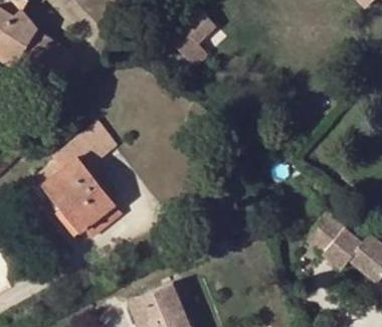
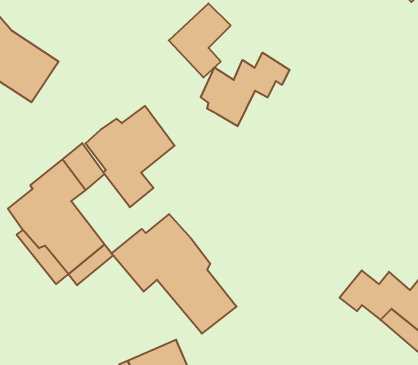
building: none -> [201,53,290,126]
building: none -> [85,106,175,207]
building: none -> [111,214,237,334]

